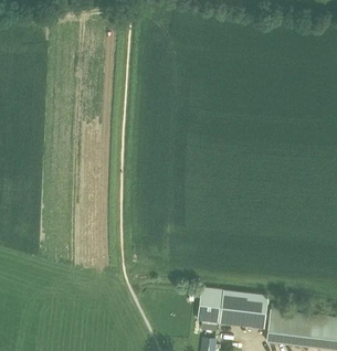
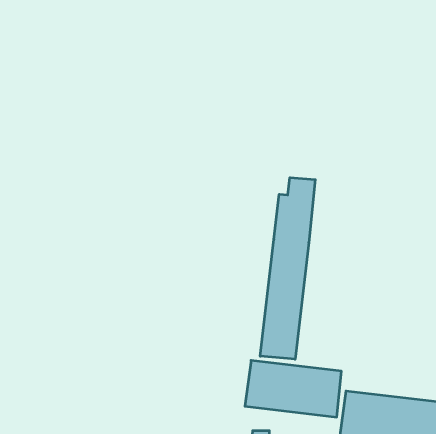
building: none -> [260,178,315,359]

